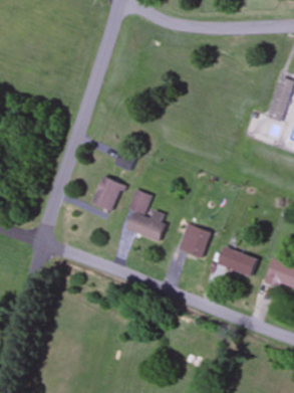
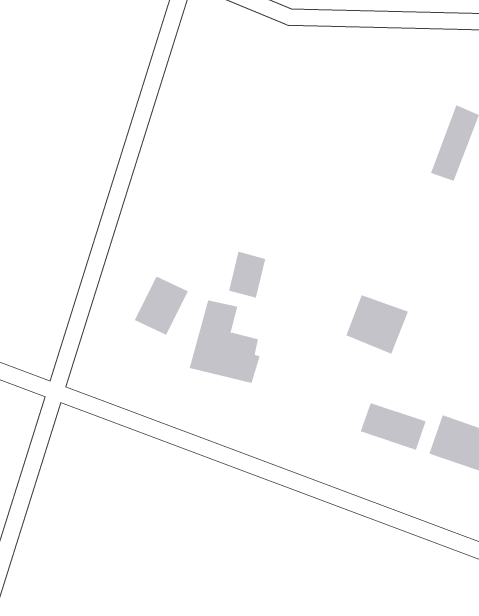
building: none -> [228,251,266,298]
building: [181,225,218,260] -> [346,295,409,354]

